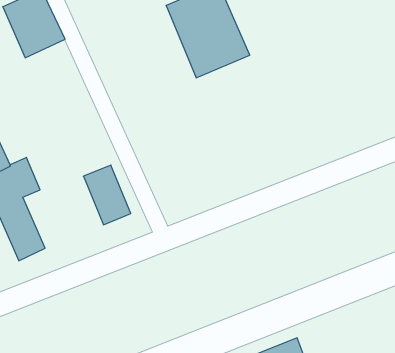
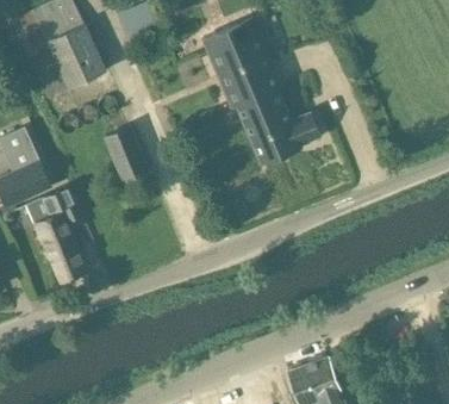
building: none -> [236,89,318,163]
building: [83,165,131,225] -> [102,126,148,184]

